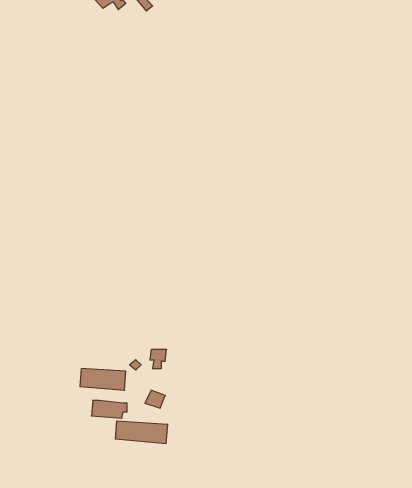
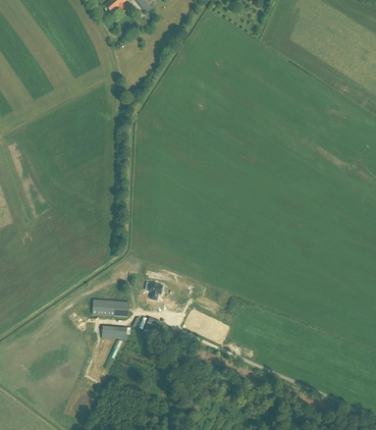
building: [115,421,168,444] -> none

